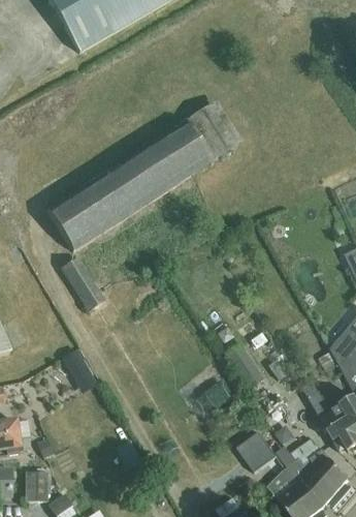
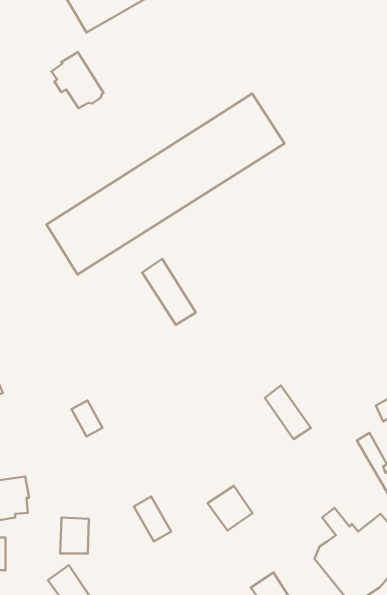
building: none -> [52,52,104,108]
building: [62,255,106,310] -> [142,259,196,325]
building: [238,436,276,474] -> [208,486,253,531]
building: [25,469,48,499] -> [60,517,89,554]

